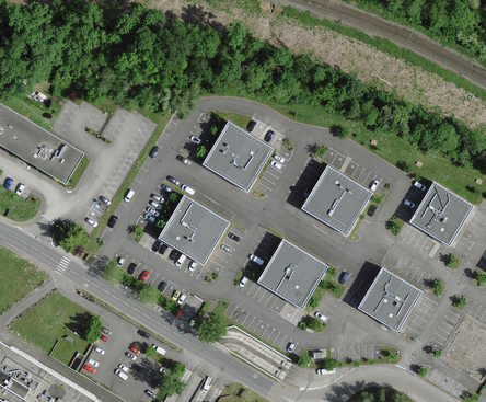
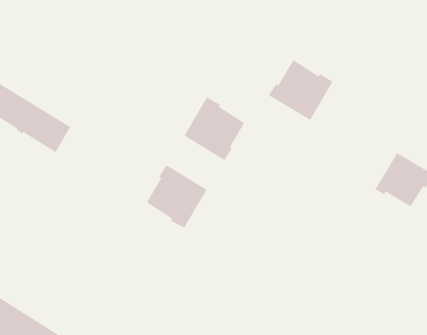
building: [300,169,371,236] -> [268,59,334,121]
building: [256,239,327,306] -> none
building: [357,267,421,328] -> none

